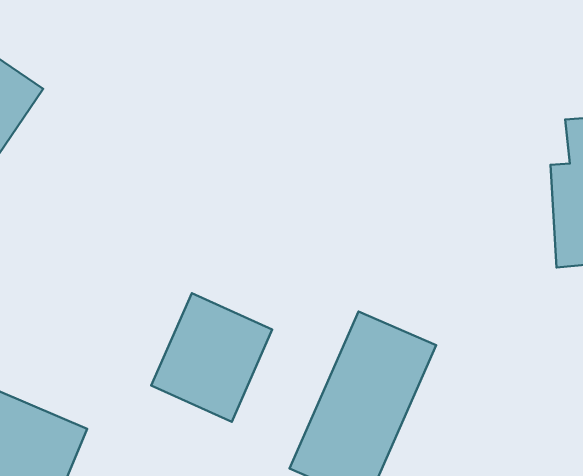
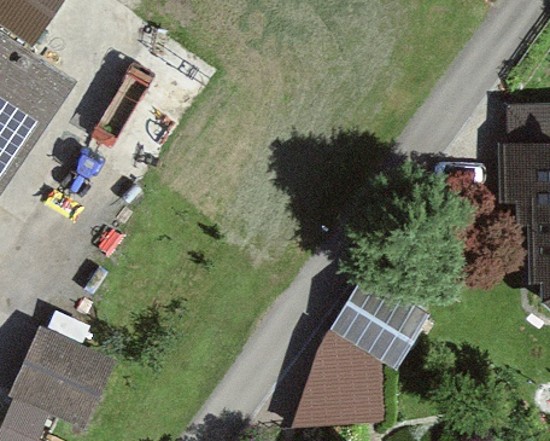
building: [151,293,272,422] -> none

